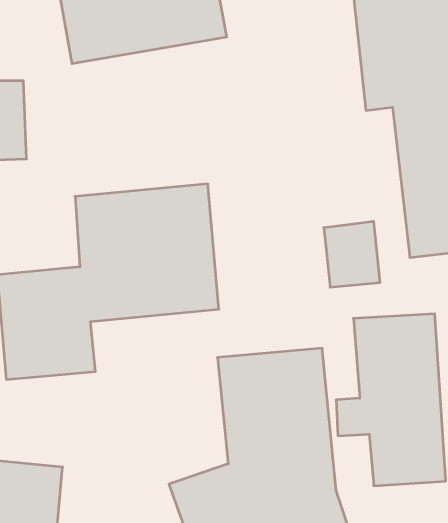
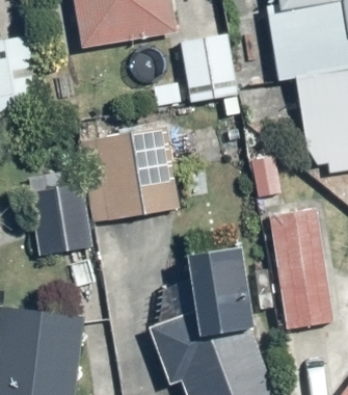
building: none -> [157,33,238,103]

